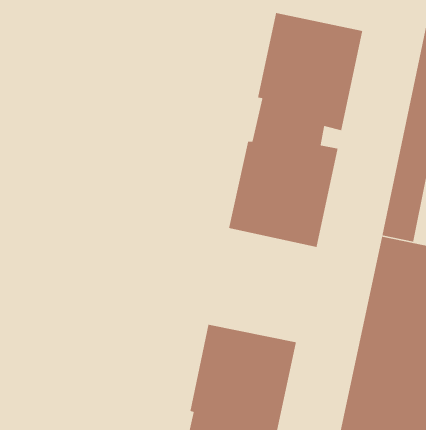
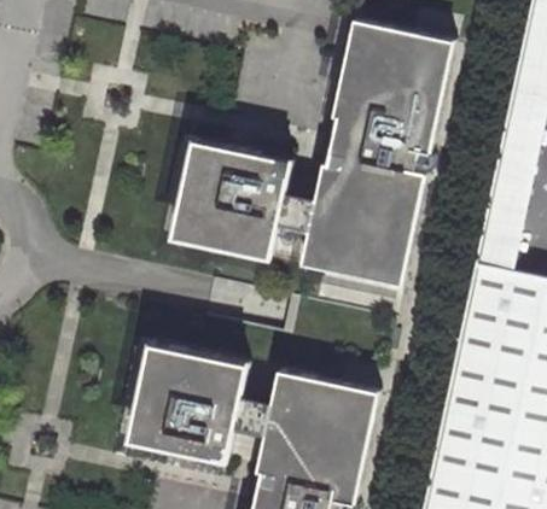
building: none -> [175,140,291,256]
building: none -> [130,343,248,458]

